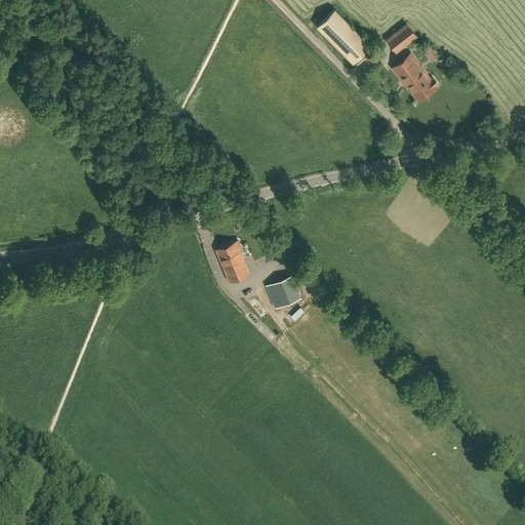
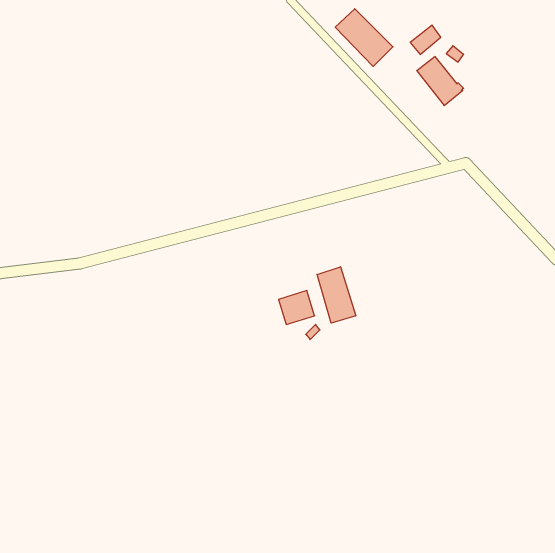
building: [217,244,250,284] -> none
building: none -> [317,267,356,323]

